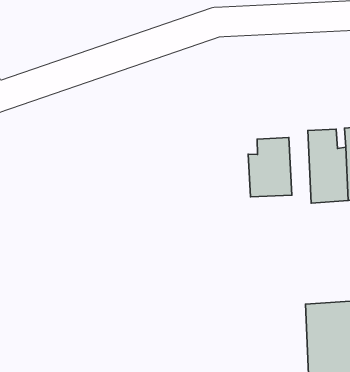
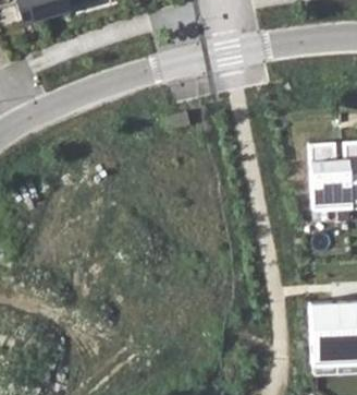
building: [248,137,292,197] -> none

